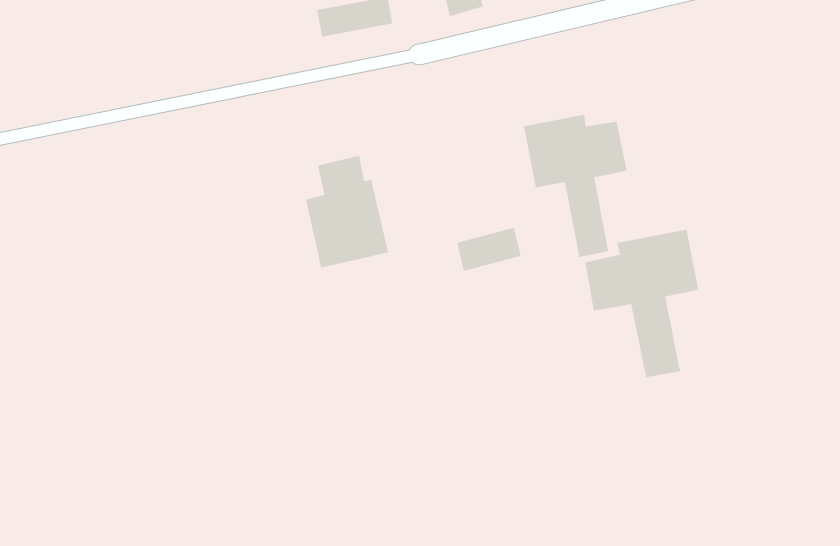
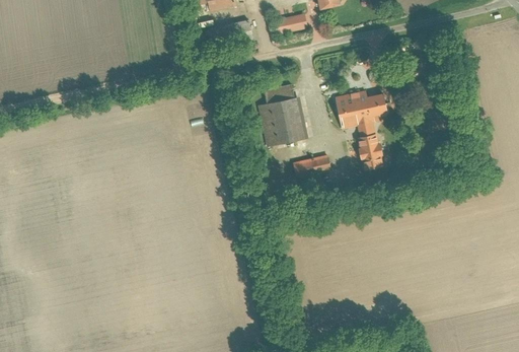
building: [305,155,389,268] -> [256,83,306,150]
building: [585,229,699,378] -> none

